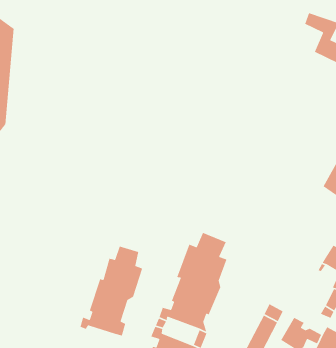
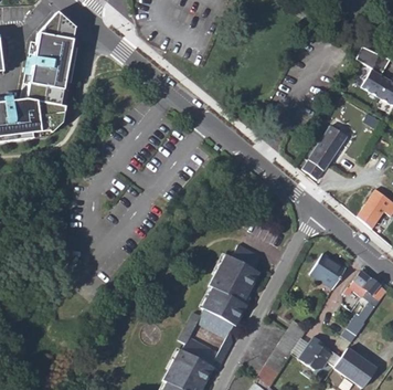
building: none -> [302,120,348,175]
building: none -> [310,252,347,288]
building: [79,245,143,336] -> none

